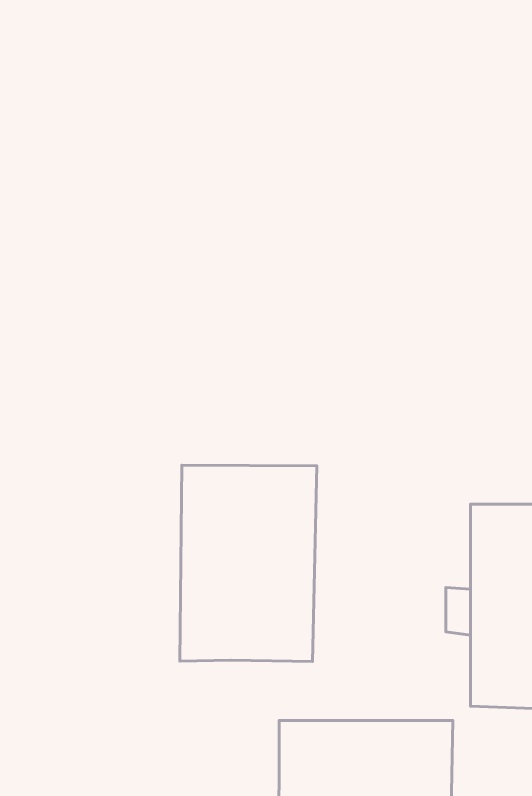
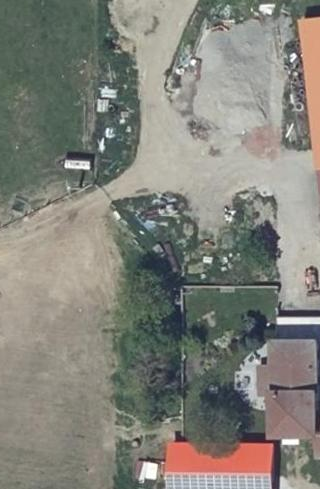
building: [180,465,317,662] -> none

